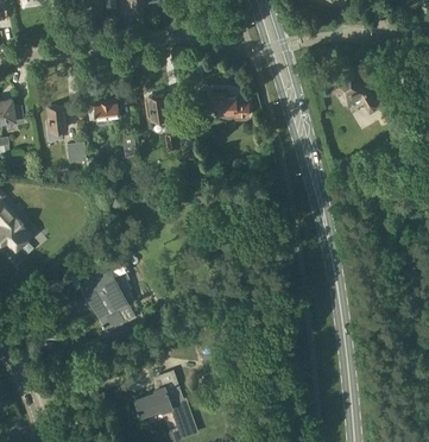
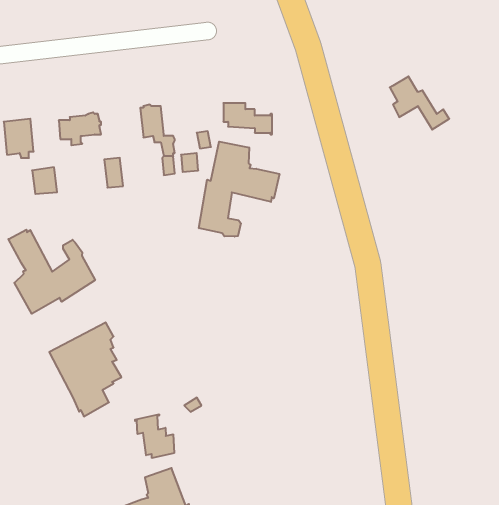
building: none -> [199,142,279,237]
building: none -> [8,230,95,314]
building: none -> [135,414,174,458]

